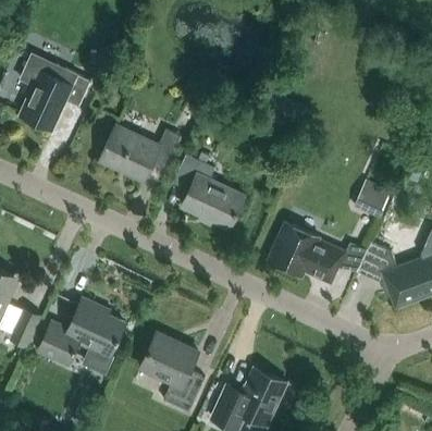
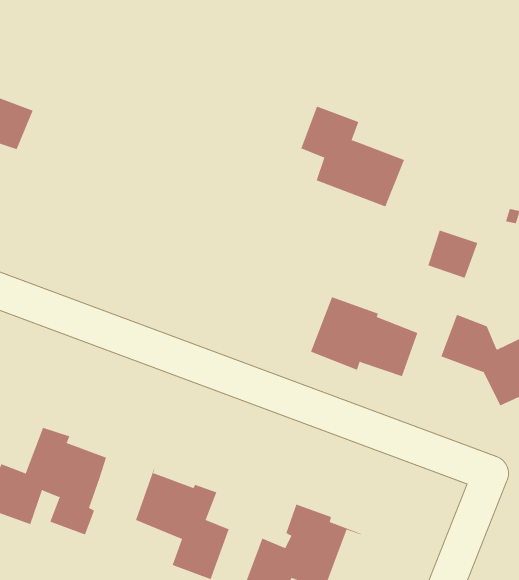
building: [99,124,188,182] -> none
building: [173,155,244,227] -> [301,106,405,207]

